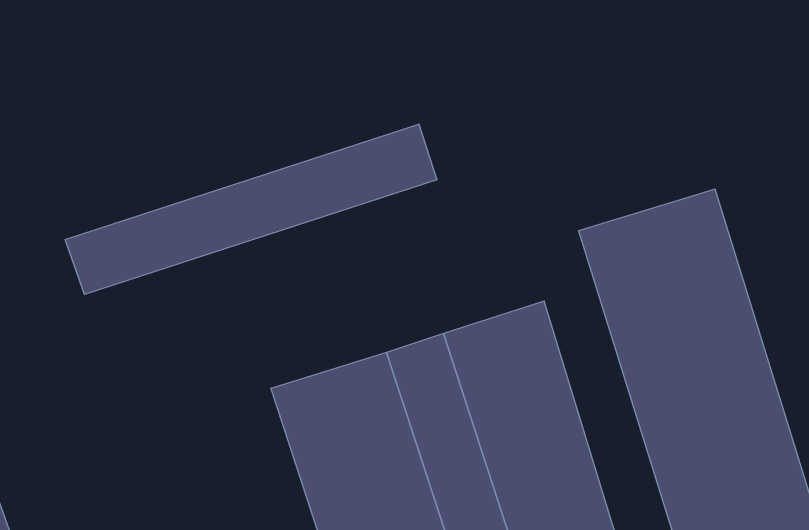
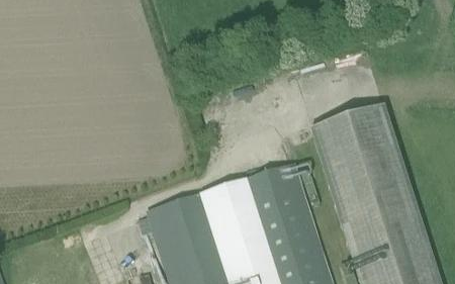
building: [65,124,437,294] -> none

